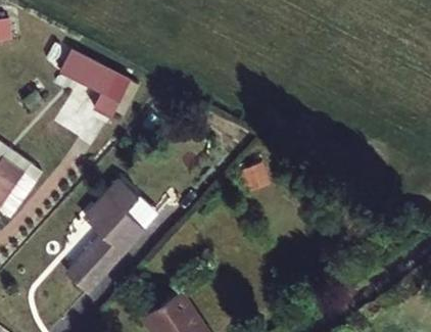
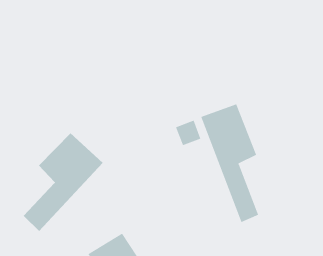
building: [64,54,135,122] -> none
building: none -> [201,103,259,223]

